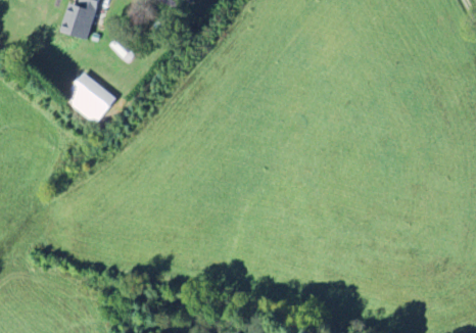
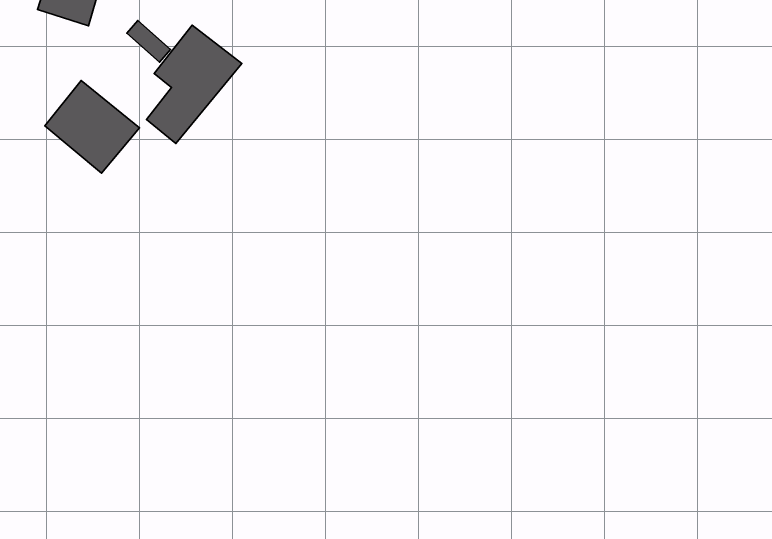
building: none -> [147,25,242,143]

